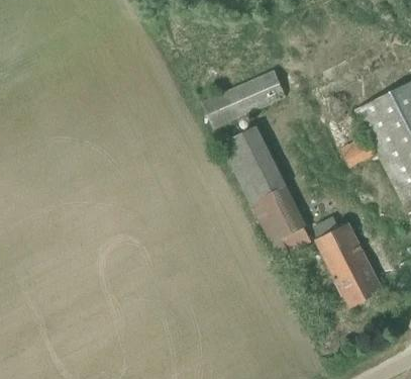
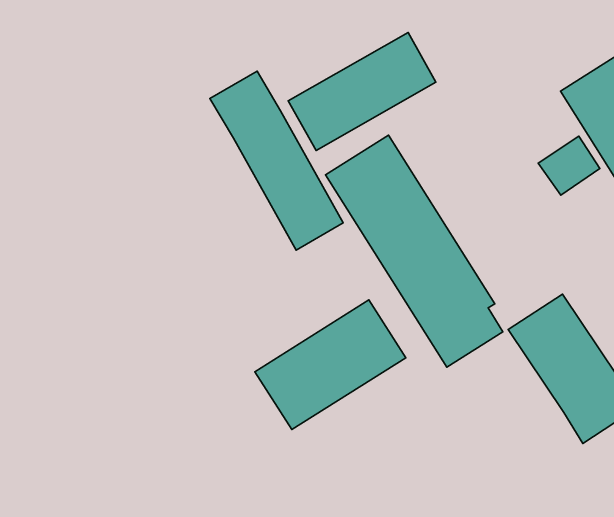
building: none -> [210,71,343,250]
building: none -> [255,300,406,430]

